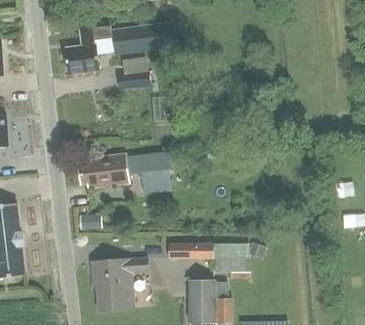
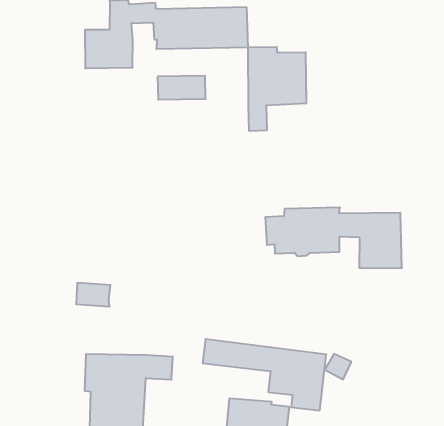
building: none -> [248,47,306,131]
building: [78,152,172,191] -> [265,207,402,268]

